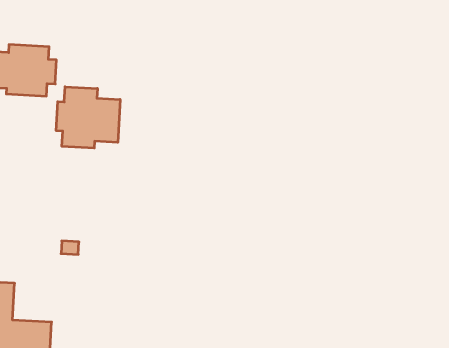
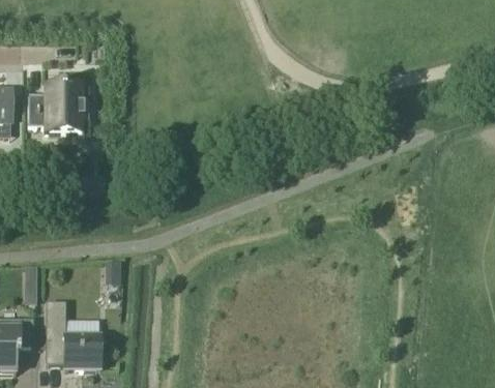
building: [56,87,120,148] -> none

